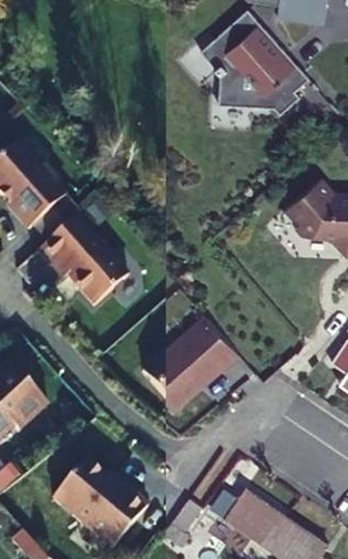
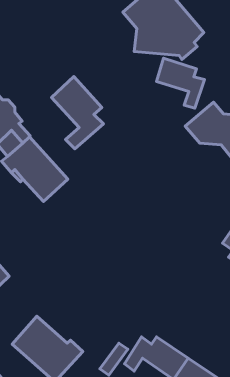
building: none -> [156,58,205,108]
building: none -> [51,77,103,149]
building: [139,314,236,406] -> none

